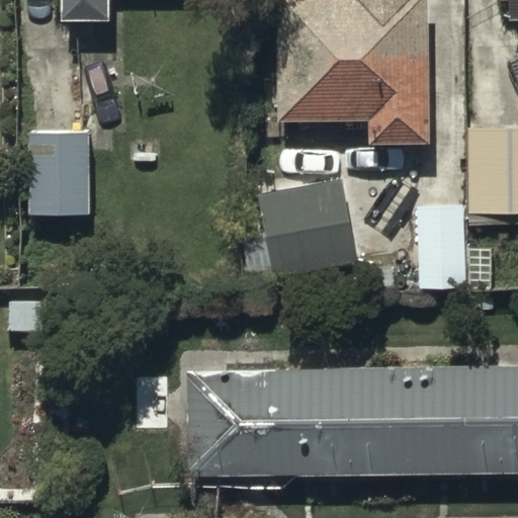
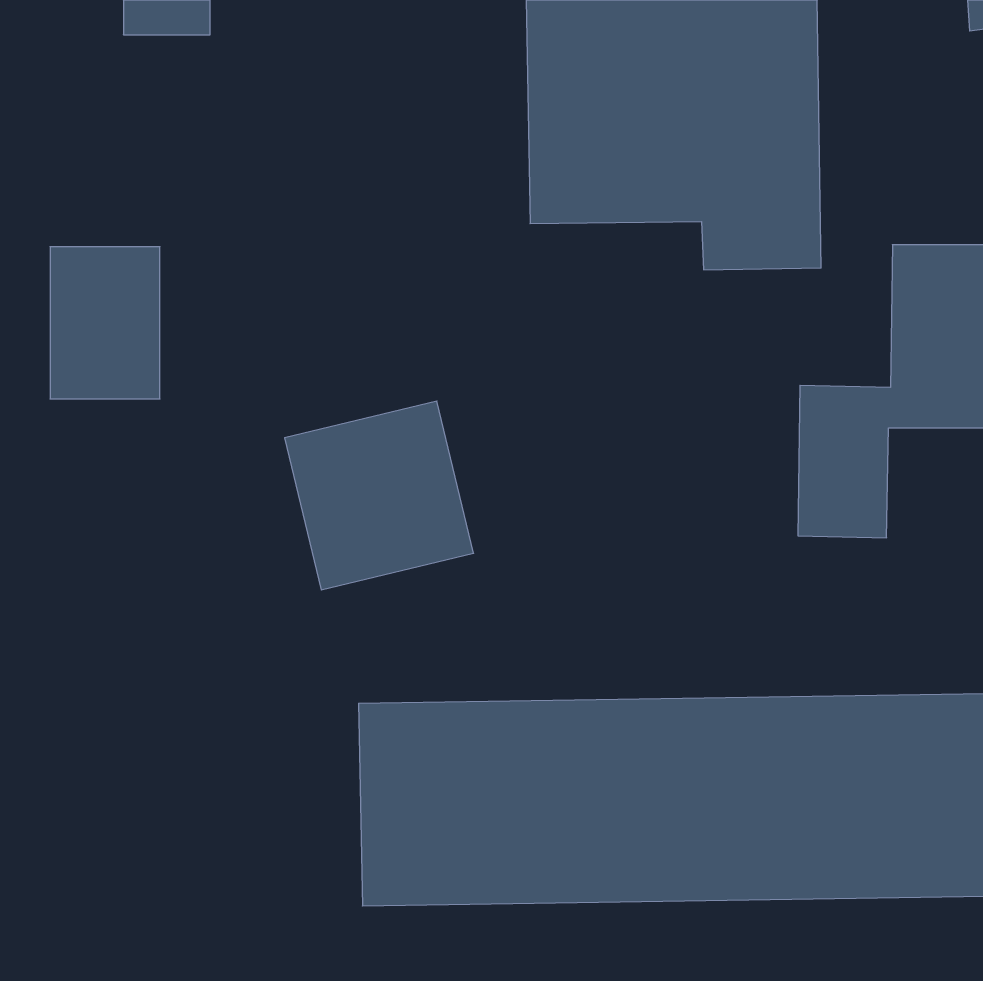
building: [257,177,356,276] -> [285,401,474,590]

